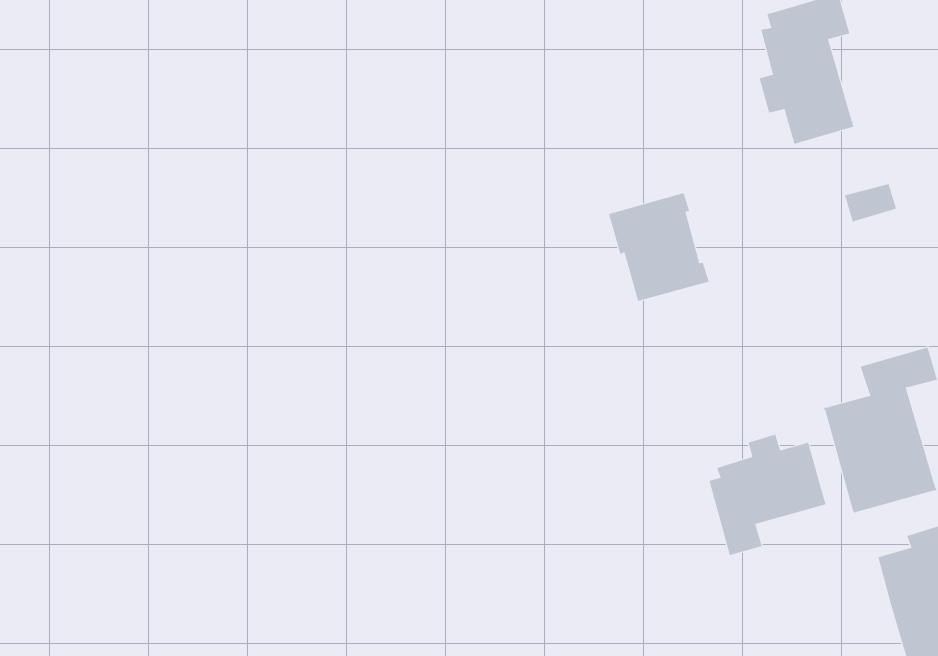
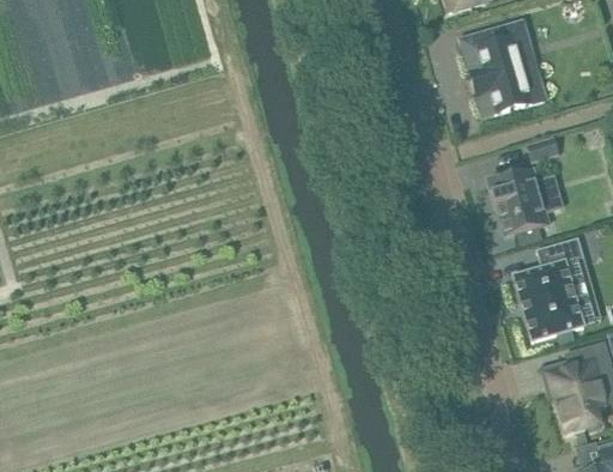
building: [608,192,709,301] -> [487,168,550,235]
building: [709,434,826,556] -> none

